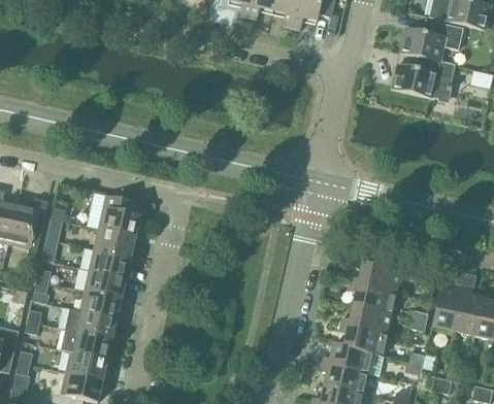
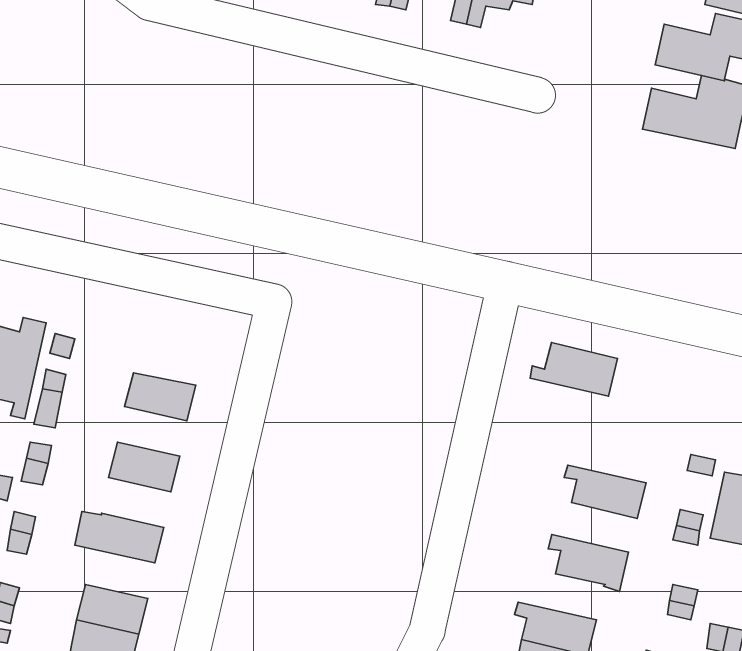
building: [99,195,140,237] -> none
building: [90,249,130,278] -> none
building: [351,263,401,294] -> [530,343,617,396]
building: [80,291,121,319] -> none
building: [341,305,391,334] -> none
building: [60,330,111,361] -> none
building: [322,343,372,373] -> none

